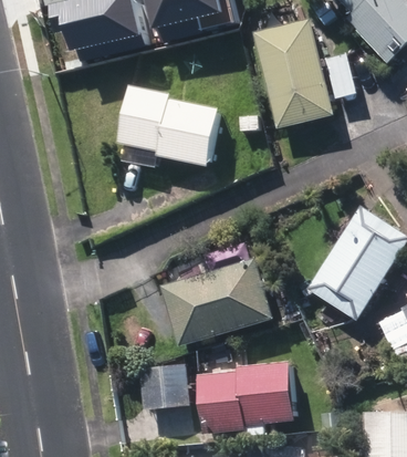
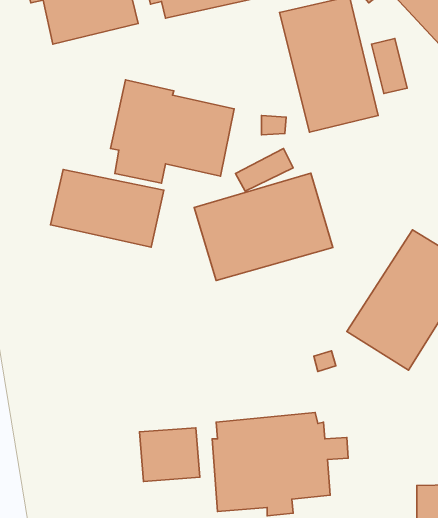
building: none -> [50,169,164,247]
building: [160,259,272,345] -> [194,173,333,281]

